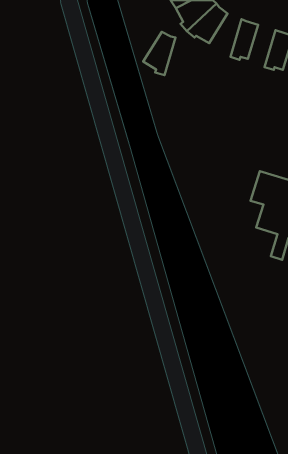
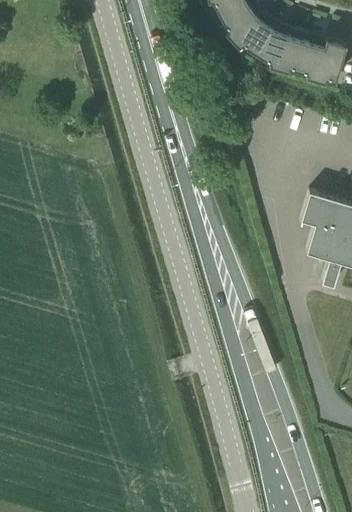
building: none -> [297,34,327,80]
building: [143,32,176,75] -> [255,22,290,69]

